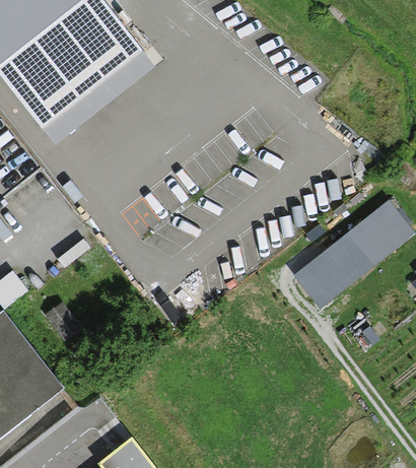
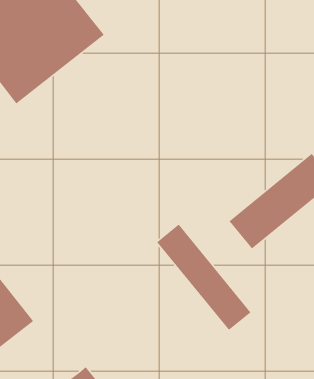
building: none -> [156,224,251,331]

